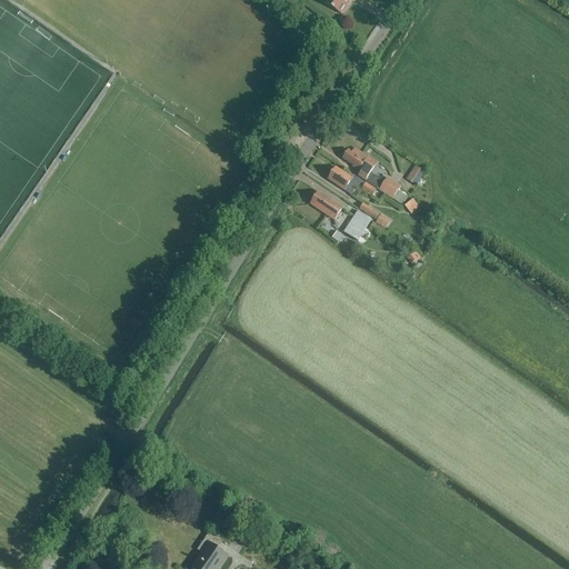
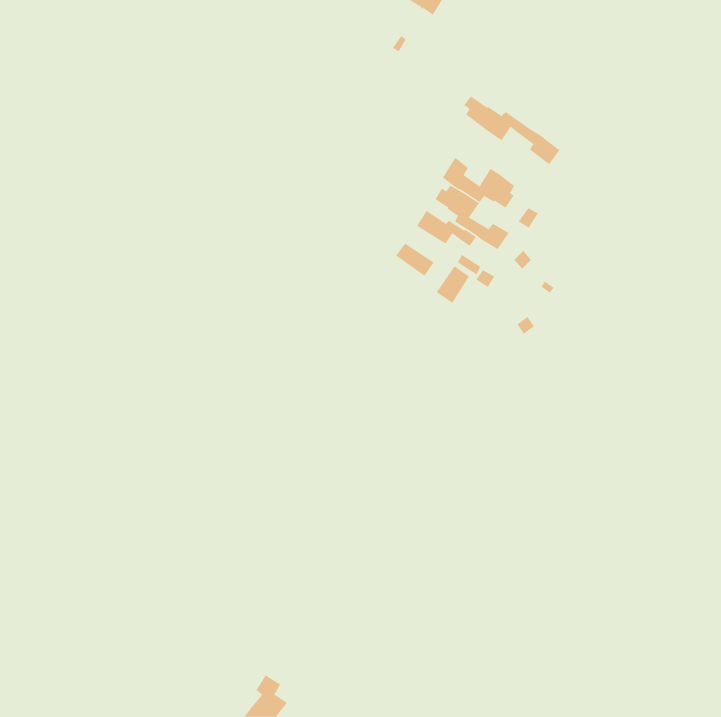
building: none -> [463,96,560,165]
building: none -> [442,157,515,208]

